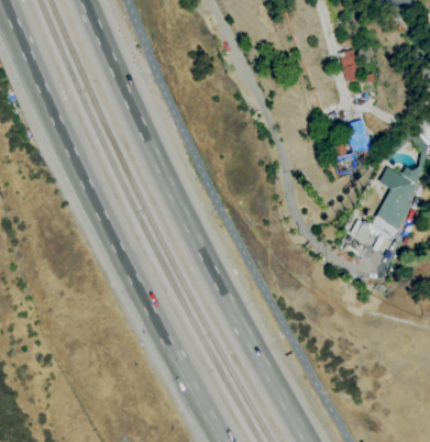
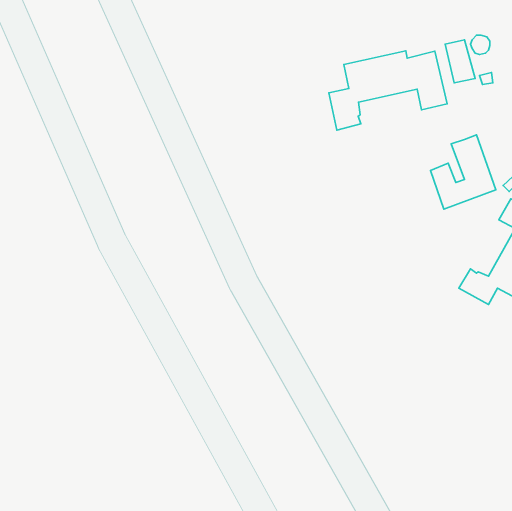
building: none -> [329,51,447,130]

